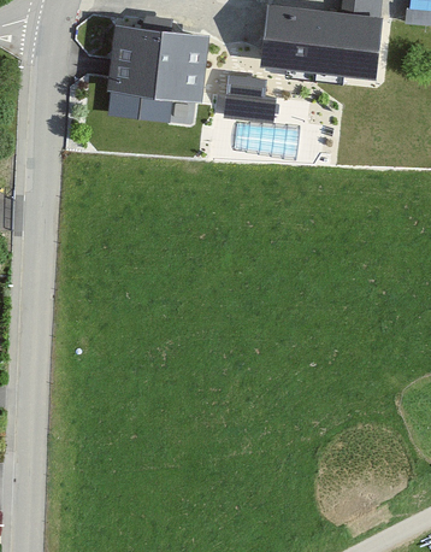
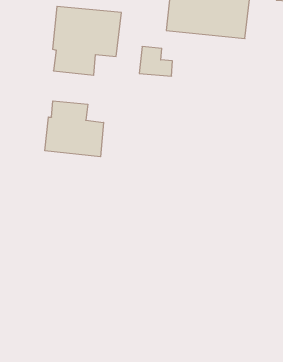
building: none -> [45,101,104,157]

